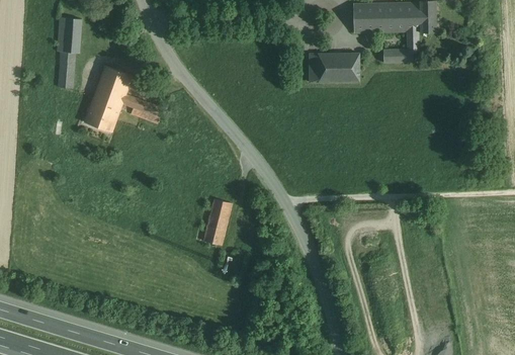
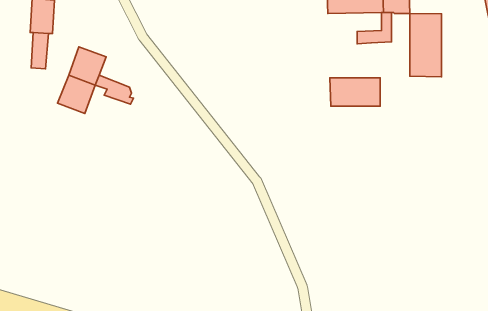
building: none -> [410,13,441,77]
building: [309,52,359,80] -> [330,78,380,106]
building: [203,197,232,244] -> none

